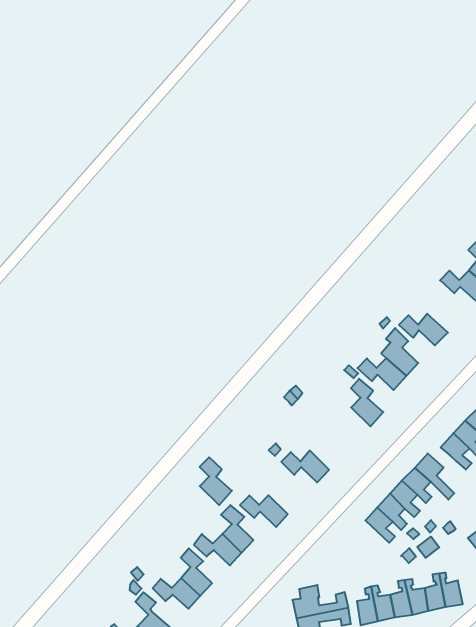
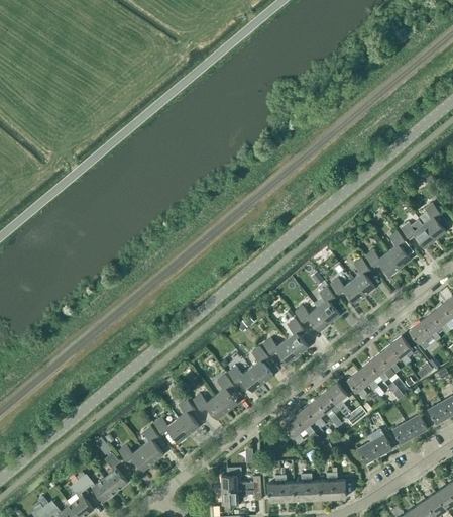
building: none -> [351,260,374,296]
building: none -> [262,338,297,365]
building: none -> [249,347,272,384]
building: [200,457,232,505] -> [214,376,237,412]

